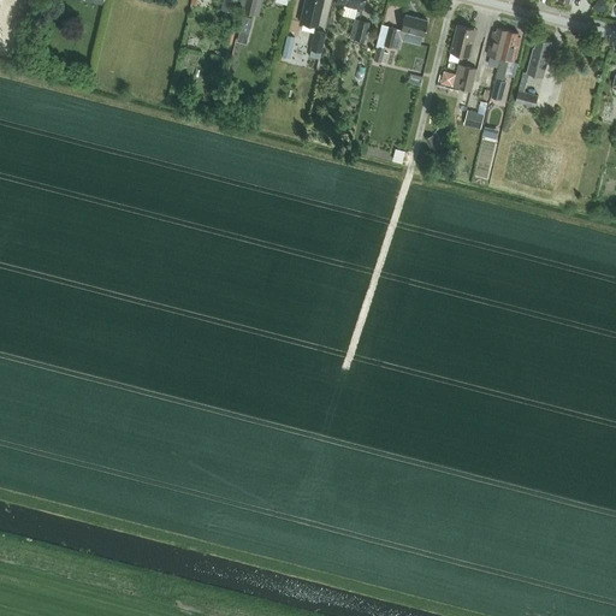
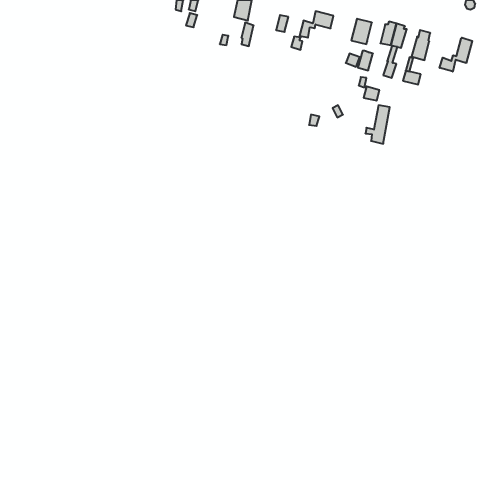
building: none -> [440,38,472,72]

